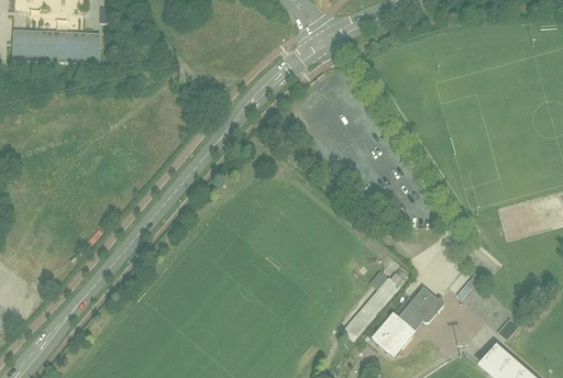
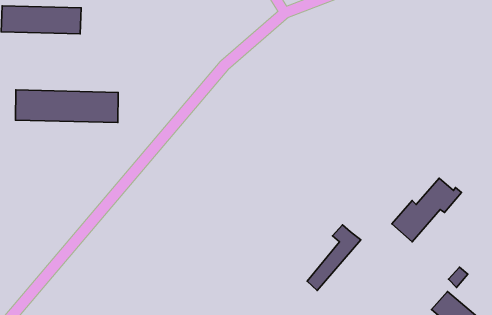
building: none -> [16,90,118,123]
building: [371,286,446,355] -> [392,178,462,242]

